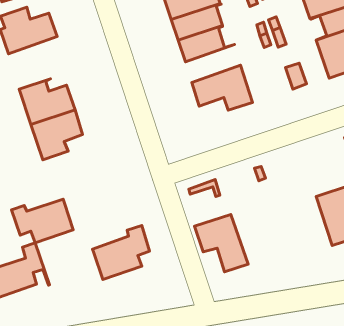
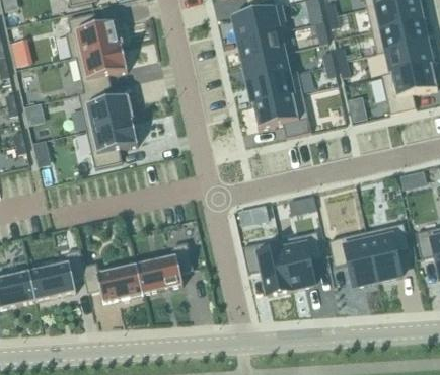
building: none -> [71,45,127,93]
building: none -> [247,71,302,104]
building: none -> [326,231,375,288]
building: [11,199,73,243] -> [82,260,142,301]
building: none -> [277,232,320,292]

